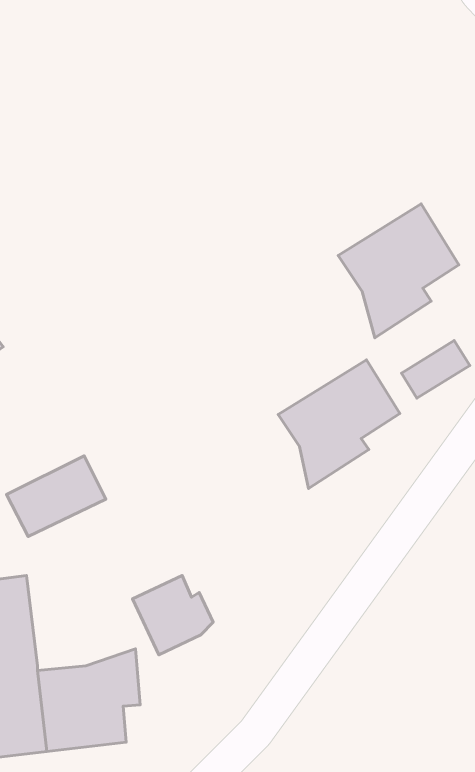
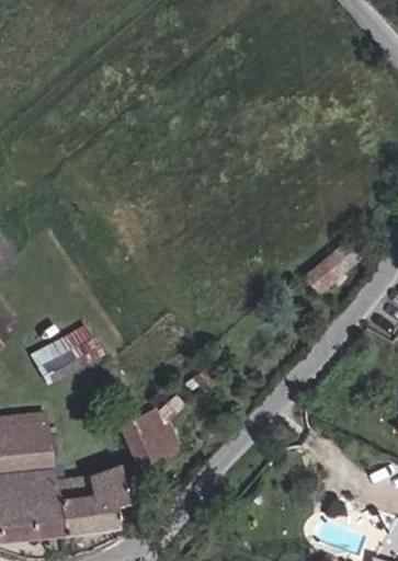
building: [338,204,459,338] -> none
building: [278,360,400,489] -> none

